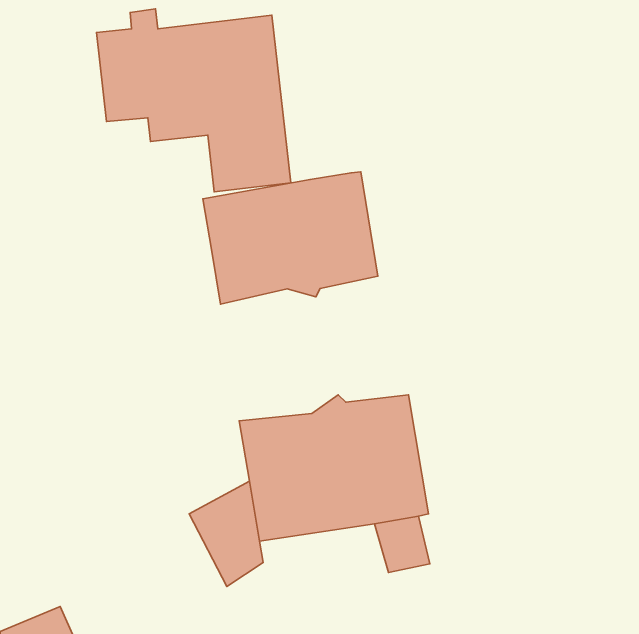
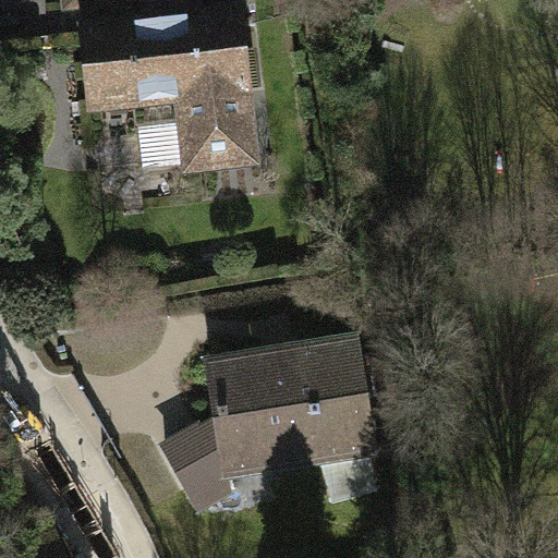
building: [203,172,378,304] -> none

